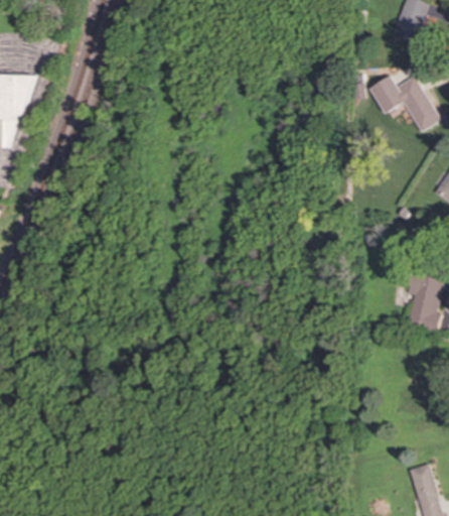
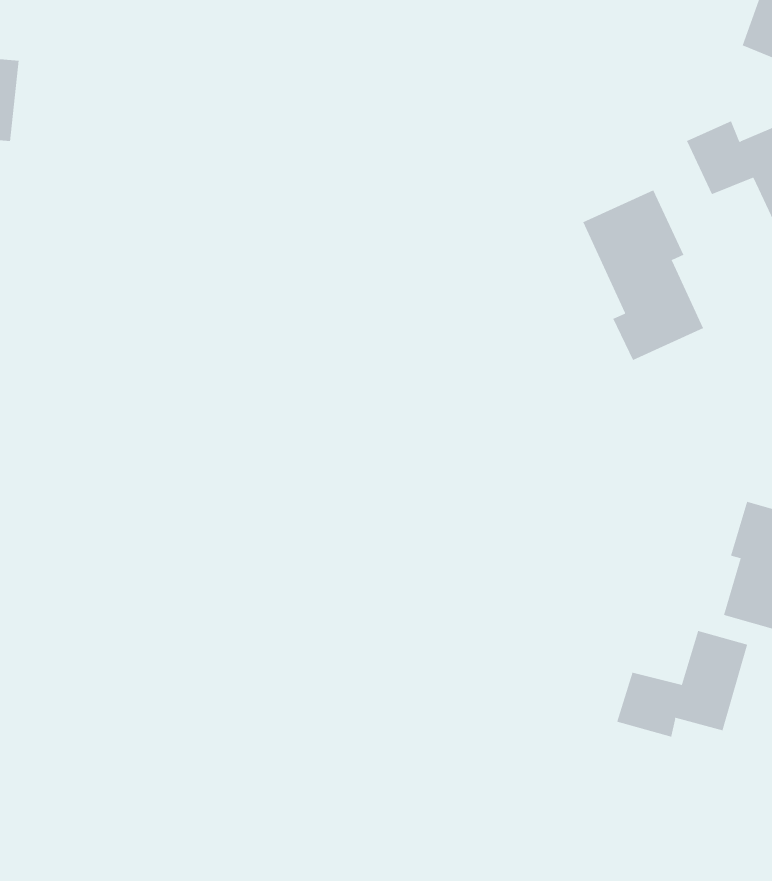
building: none -> [582,190,704,361]
building: none -> [617,630,748,738]

